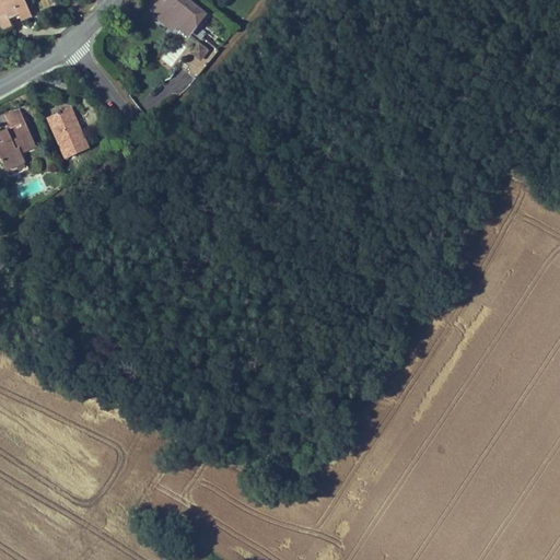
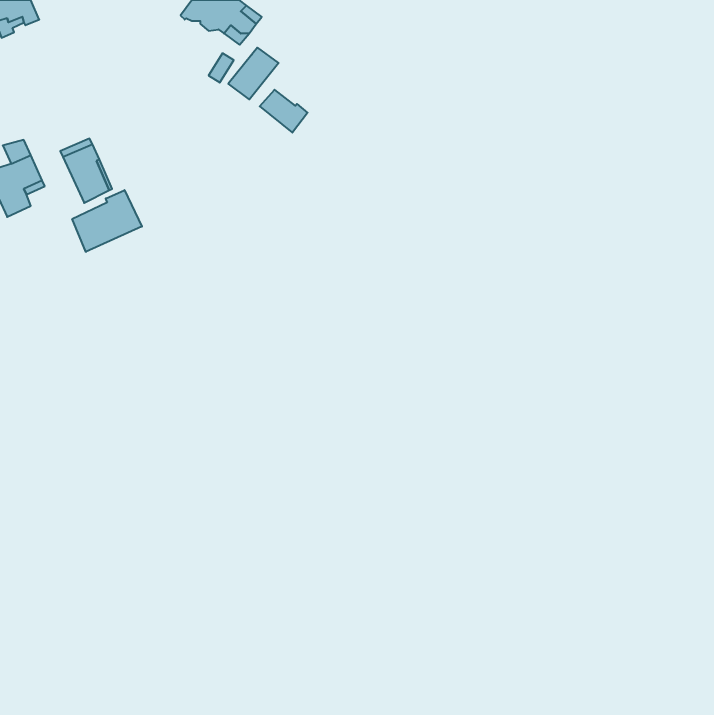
building: none -> [260,90,308,133]
building: none -> [72,190,142,252]

